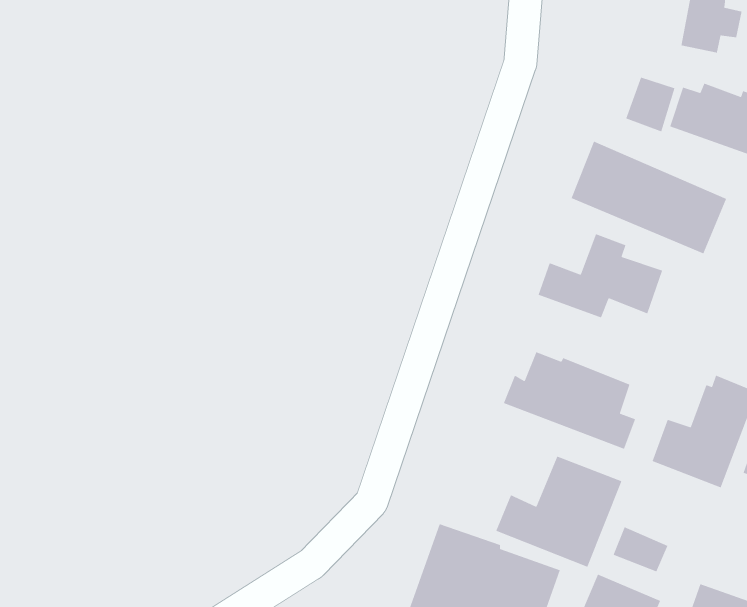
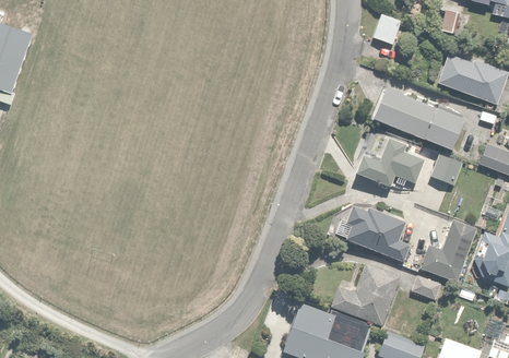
building: [625,76,675,132] -> [374,12,402,44]
building: none -> [430,152,463,186]
building: [613,526,669,573] -> [411,274,442,300]

